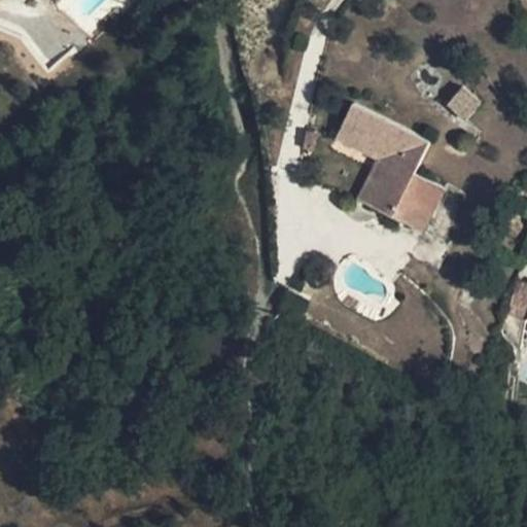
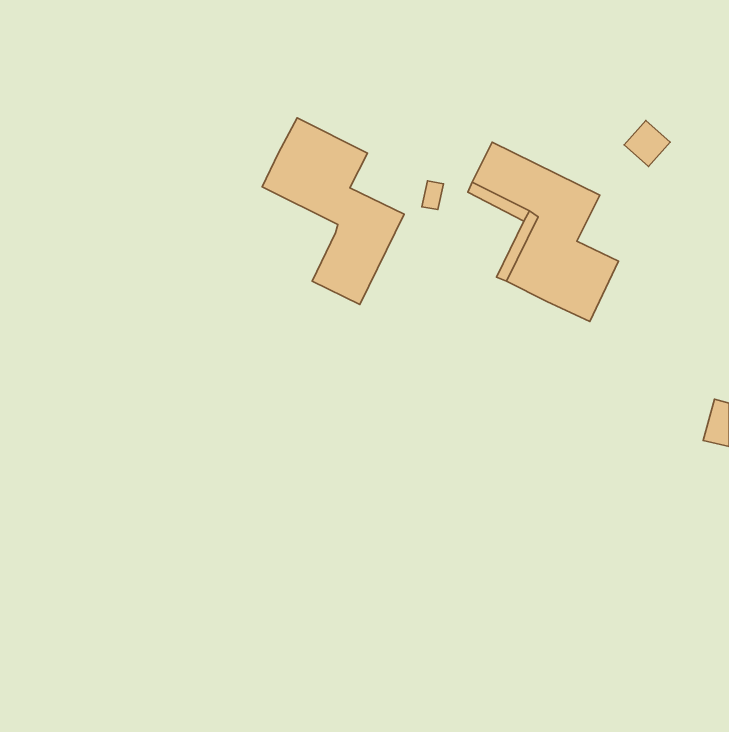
building: none -> [262,118,404,304]

